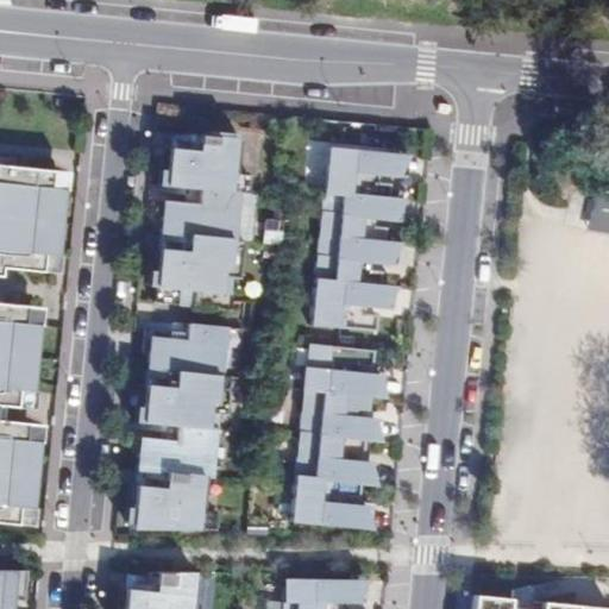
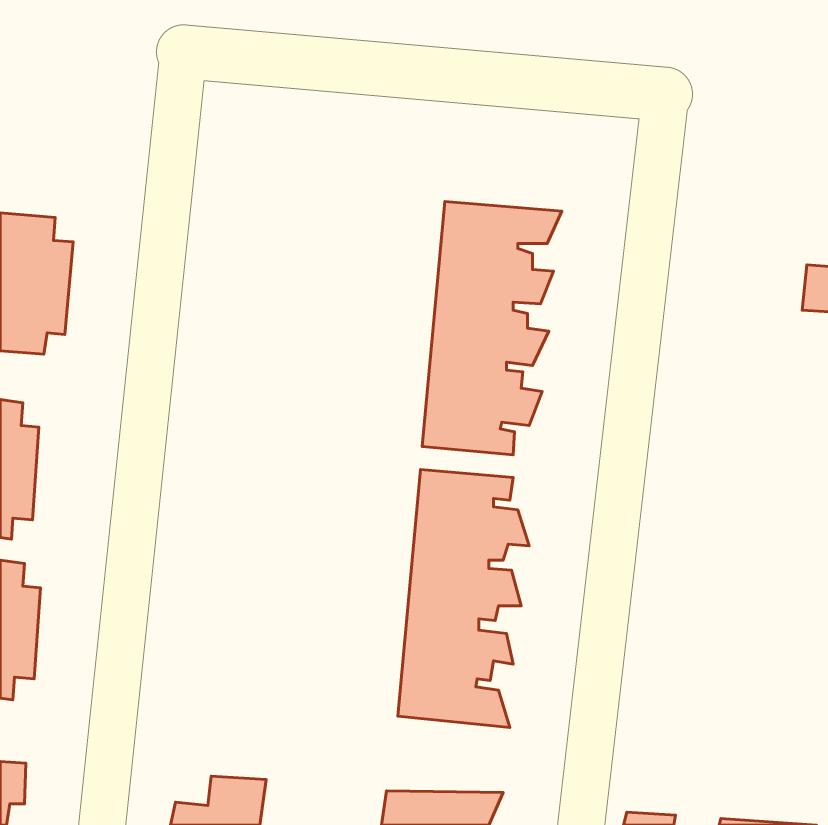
building: [157,133,241,291] -> none
building: [136,324,227,532] -> none

